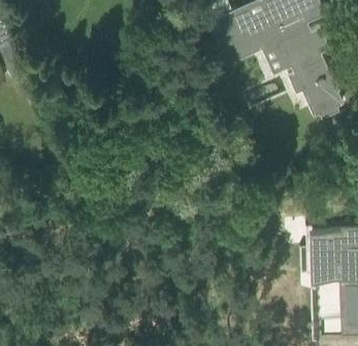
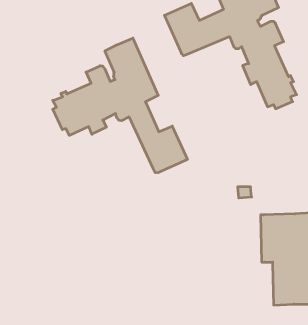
building: none -> [53,38,187,173]

